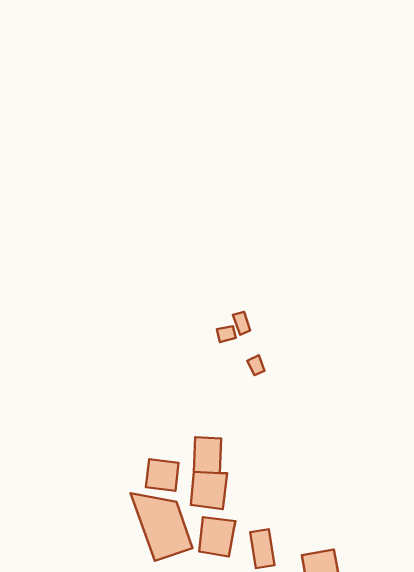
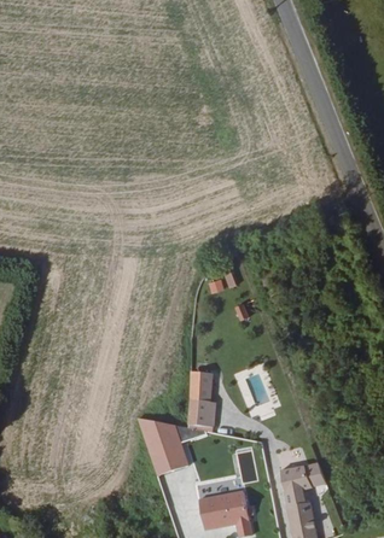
building: [146,459,179,491] -> none
building: [199,517,236,556] -> none

